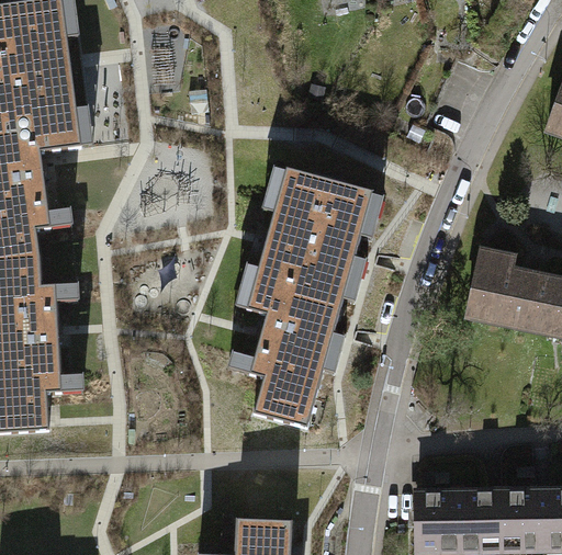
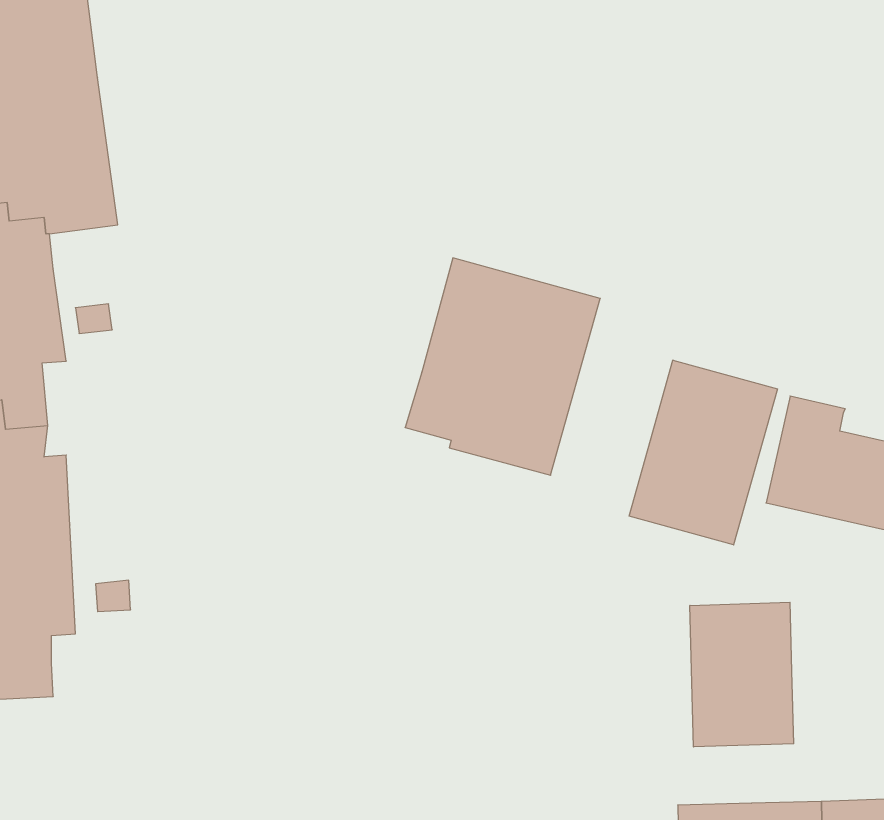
building: none -> [629,360,777,545]
building: [243,269,340,427] -> none
building: none -> [690,602,794,747]

